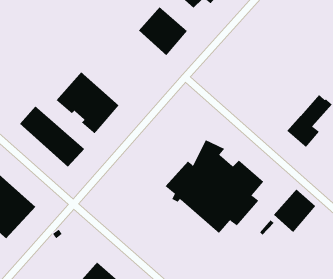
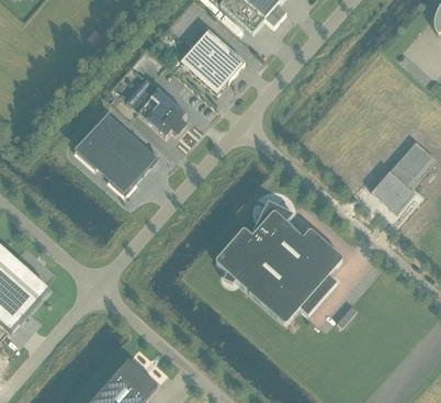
building: none -> [126,76,188,135]
building: [19,105,85,168] -> none
building: [273,188,316,233] -> none

